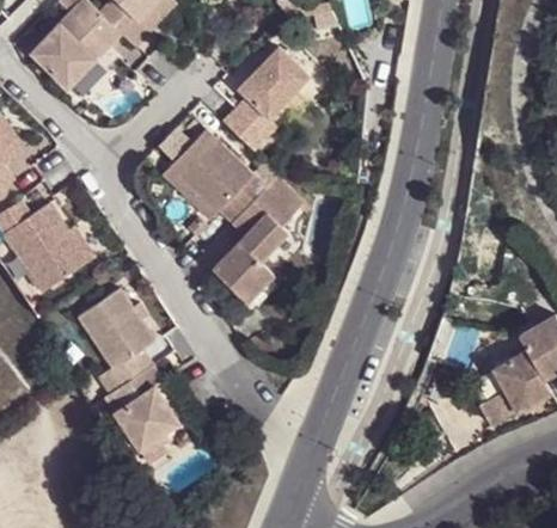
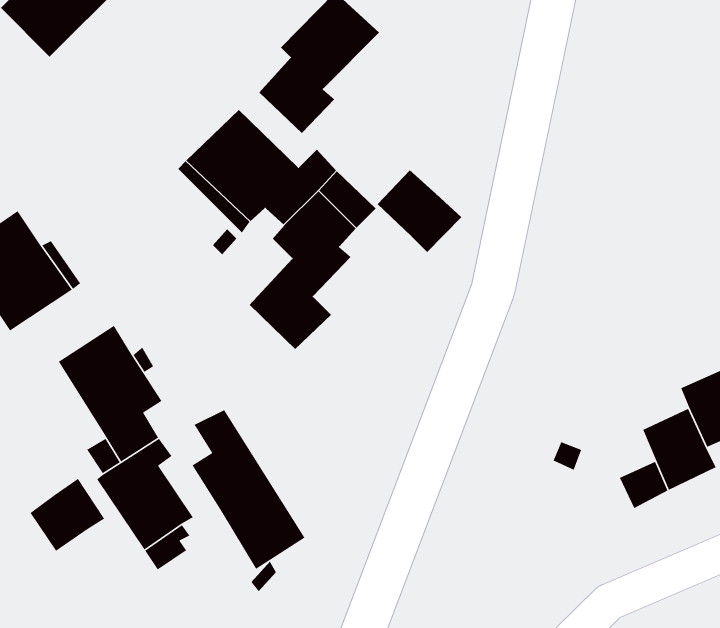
building: none -> [377,170,462,253]
building: none -> [191,409,306,570]
building: none -> [29,478,105,552]

